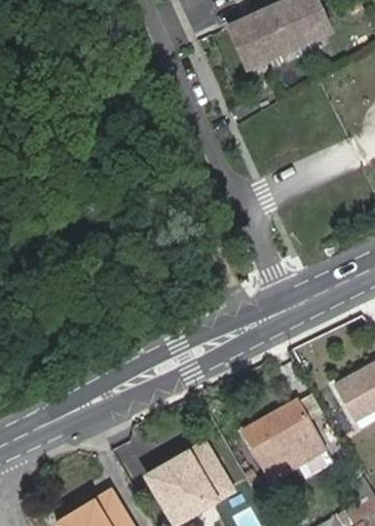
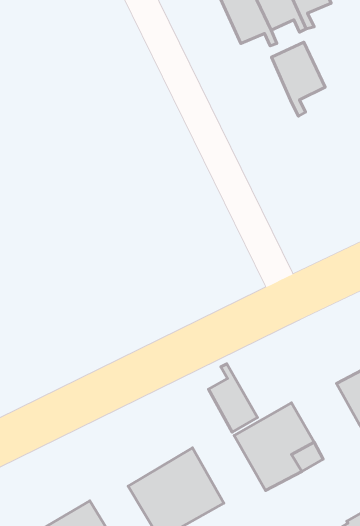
building: none -> [271,42,325,116]
building: none -> [209,364,258,432]

